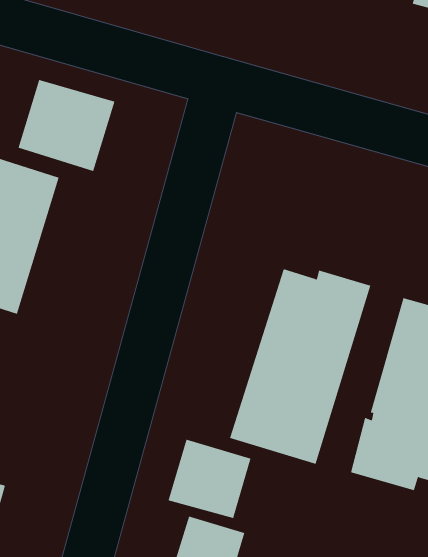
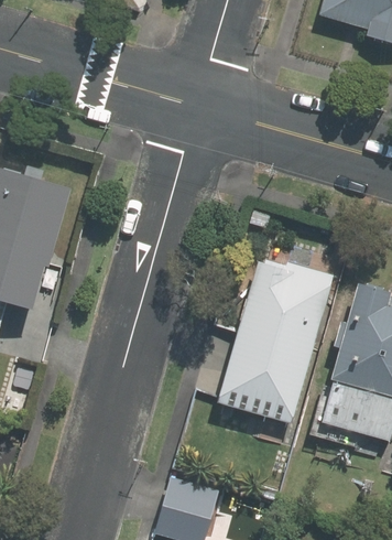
building: [18,79,115,172] -> none
building: [168,439,251,519] -> none

